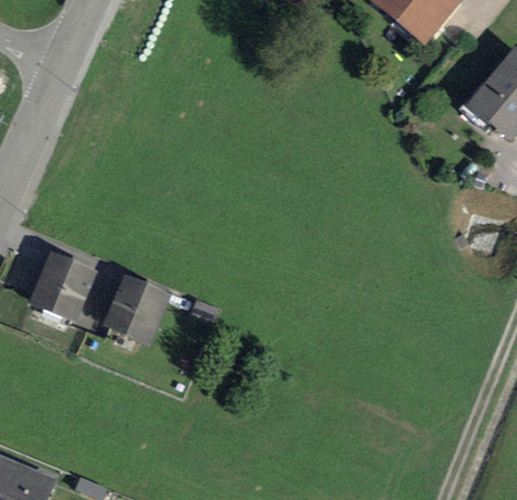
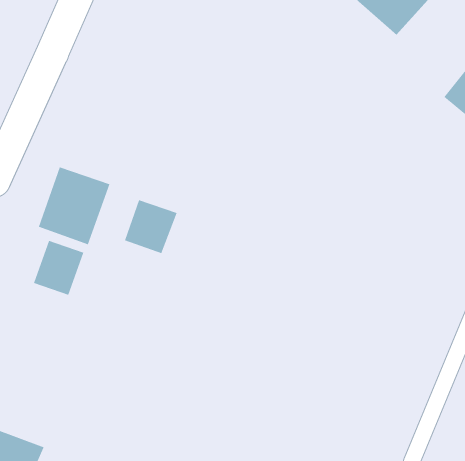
building: none -> [38,167,110,245]
building: [109,282,165,339] -> [124,199,177,254]

